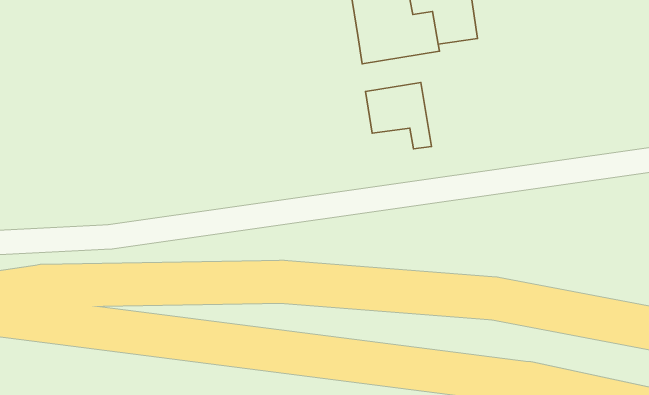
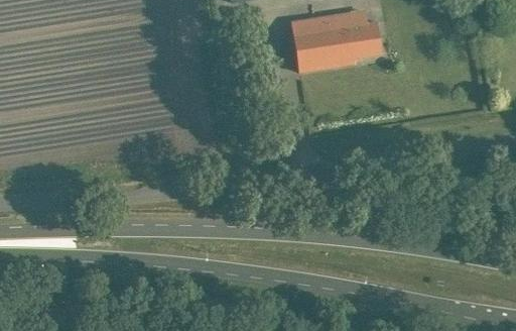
building: [365,83,431,149] -> none

